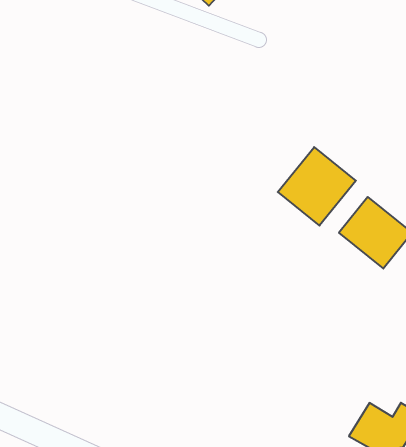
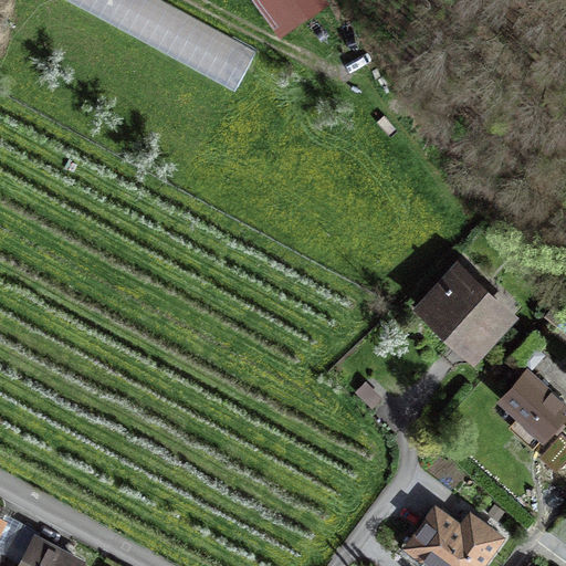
building: [278,147,356,226] -> none

